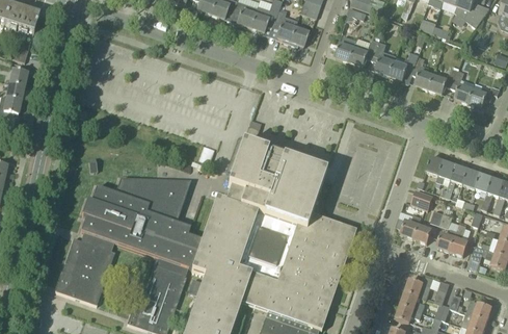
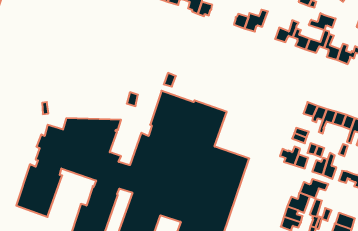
building: [372,40,396,75] -> none
building: none -> [309,13,336,30]
building: none -> [300,179,328,199]

